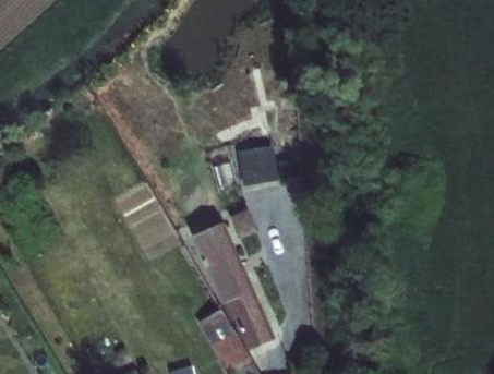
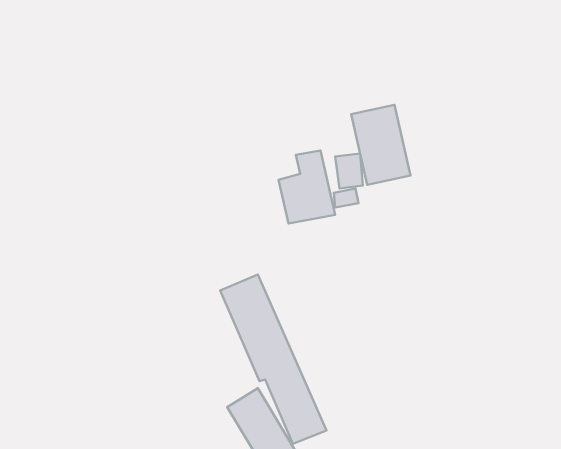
building: none -> [351,105,410,185]

